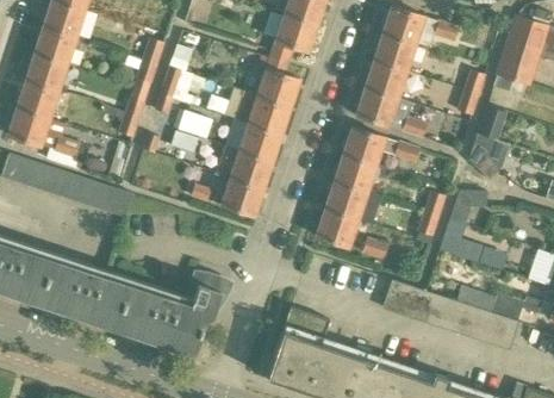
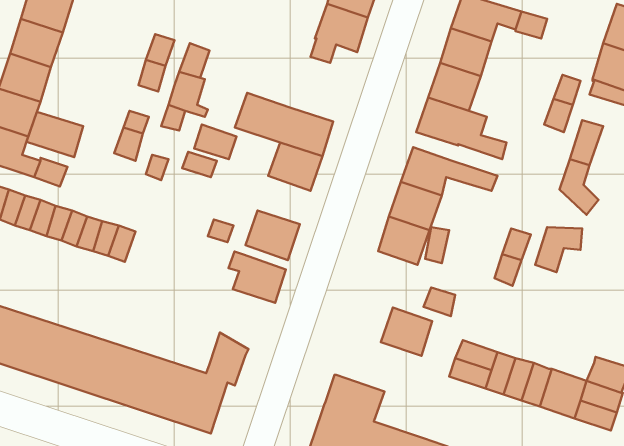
building: [257,56,300,107] -> none
building: none -> [27,112,83,157]
building: [228,148,273,188] -> [228,251,286,303]
building: [317,210,357,248] -> [381,308,432,356]
building: [440,220,485,265] -> none

